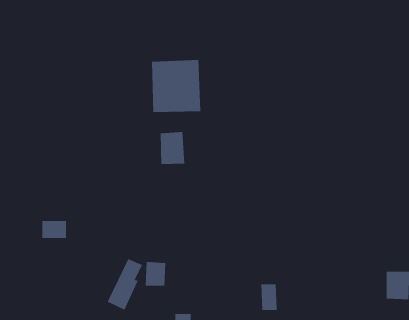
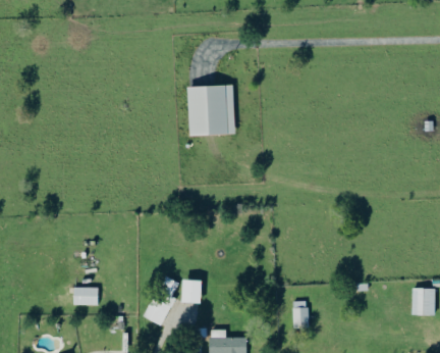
building: [160,131,185,165] -> none
building: [41,221,67,239] -> [72,288,97,305]

